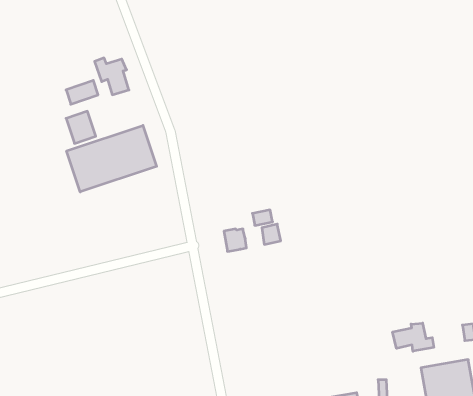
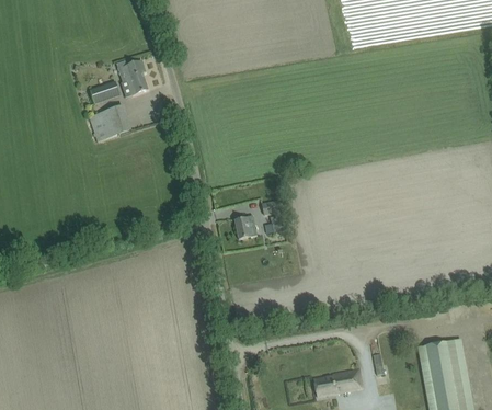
building: [67,125,157,192] -> none
building: [393,323,434,351] -> none

